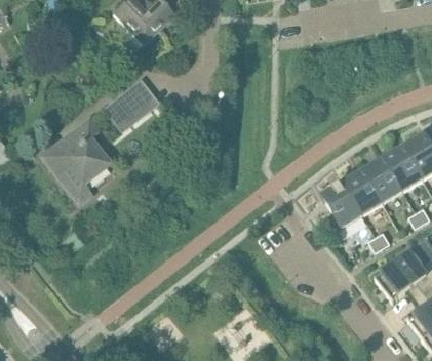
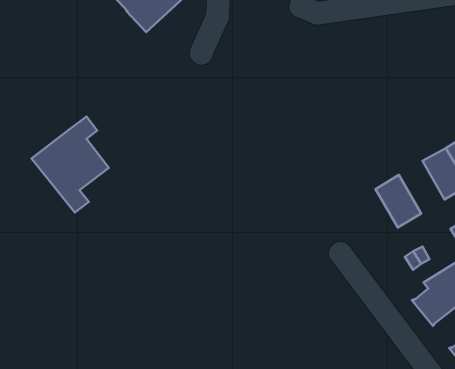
building: [106,79,156,127] -> none
building: [363,156,403,202] -> none
building: [322,181,362,237] -> none

